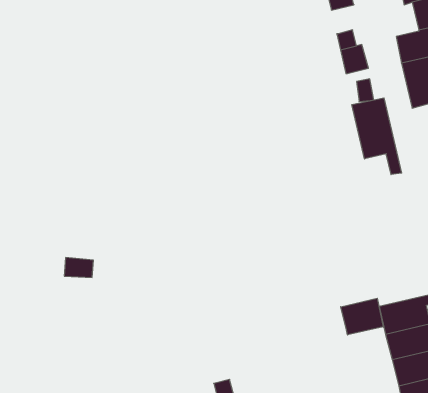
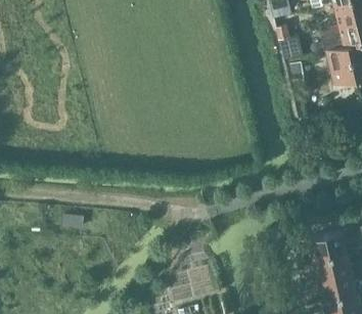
building: [352,98,402,175] -> none
building: [341,298,383,335] -> none

